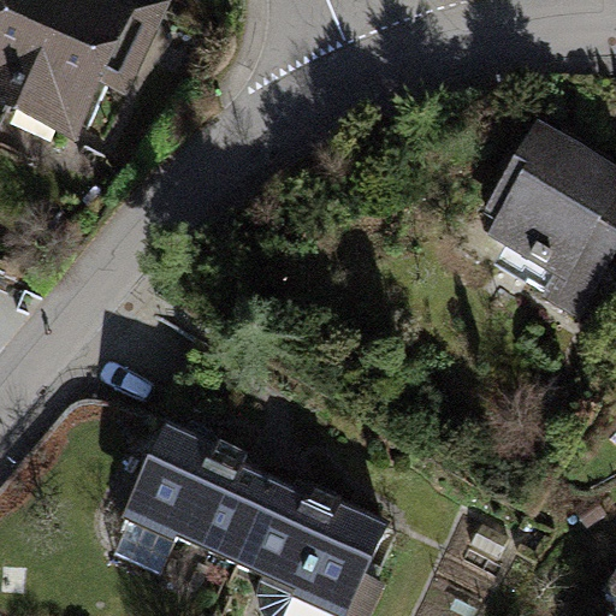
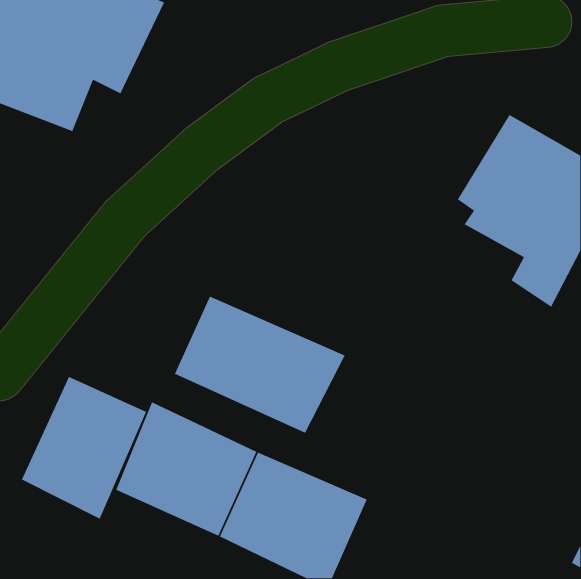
building: none -> [174,295,346,434]
building: none -> [21,376,147,520]

